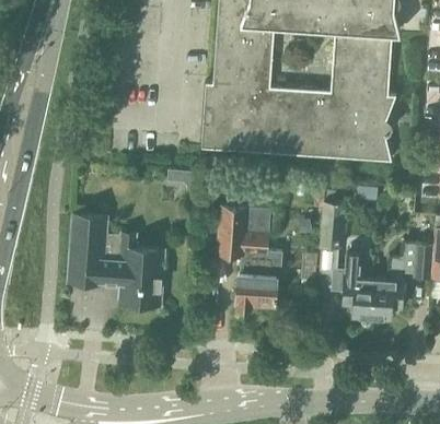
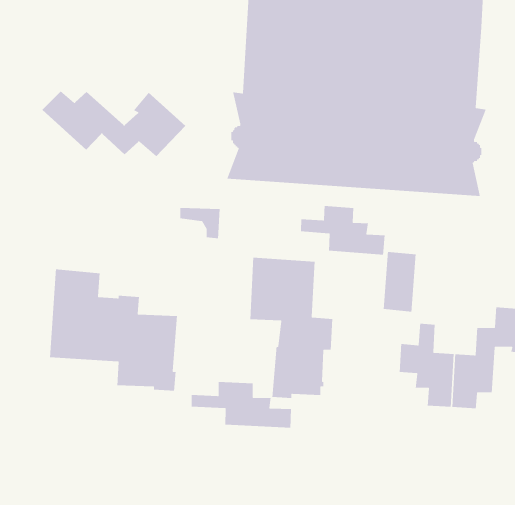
building: none -> [42,90,186,157]
building: none -> [300,205,385,255]
building: none -> [191,381,292,428]

